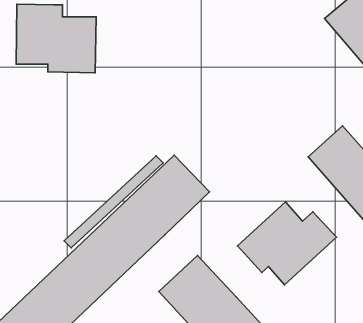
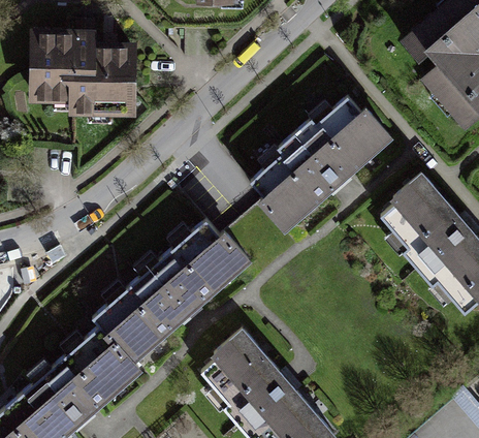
building: none -> [240,96,389,237]
building: [237,202,336,285] -> none

